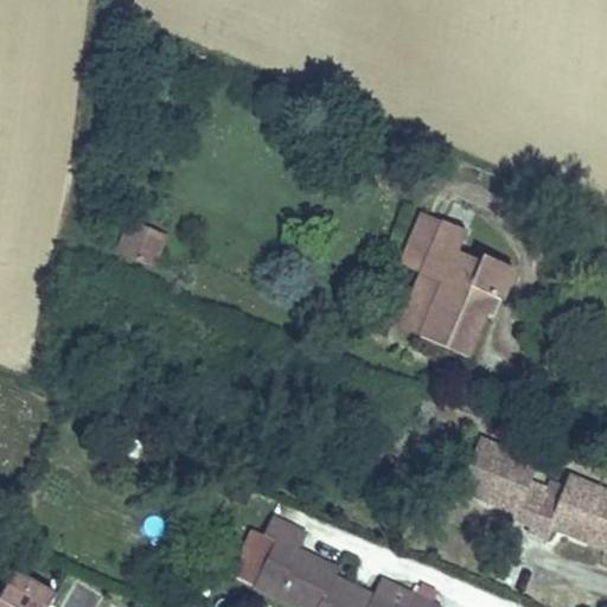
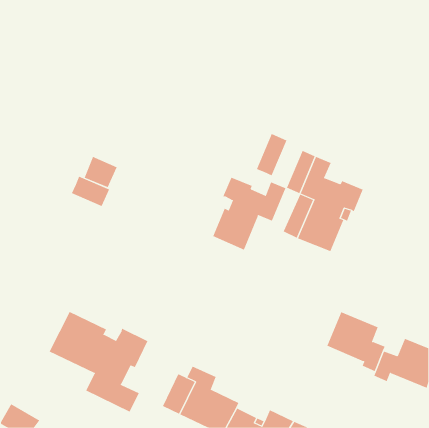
building: none -> [256,133,287,176]
building: none -> [71,176,110,207]
building: none -> [212,177,286,250]
building: none -> [49,311,148,412]

